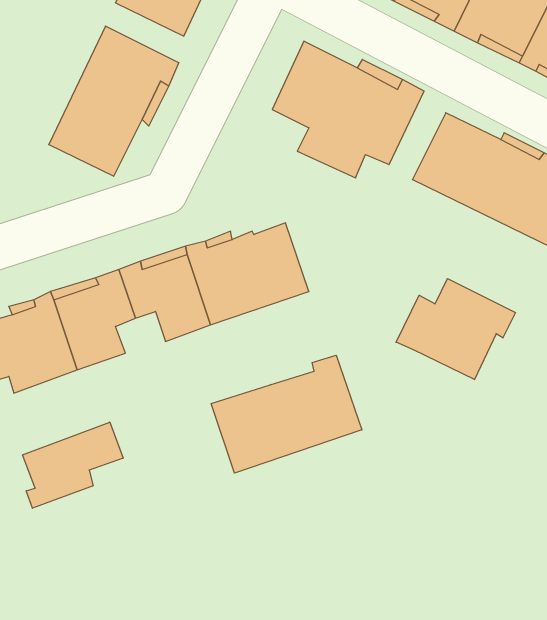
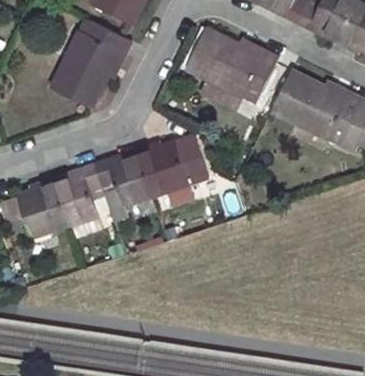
building: [396,279,515,380] -> none
building: [211,355,362,473] -> none
building: [22,422,123,508] -> none

